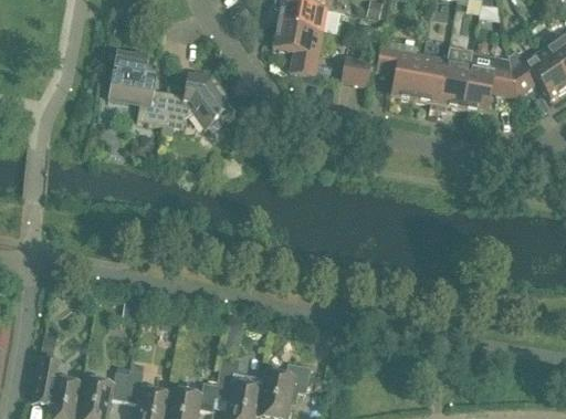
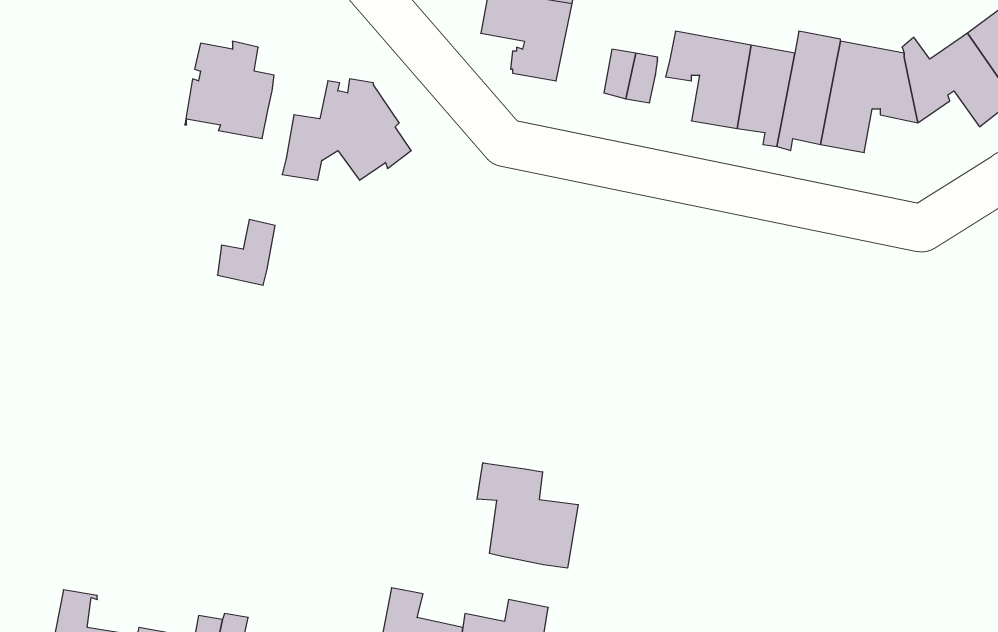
building: [137,90,169,126] -> [217,219,275,285]
building: none -> [477,463,578,568]

